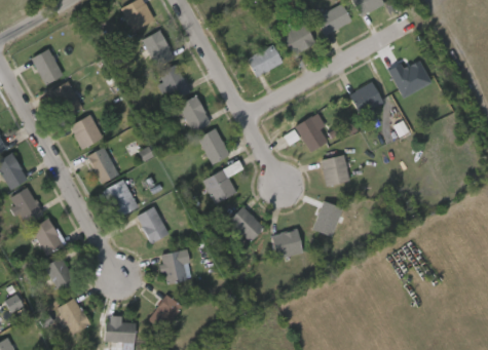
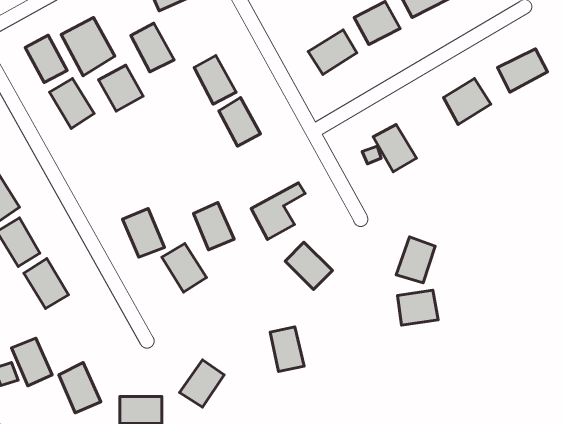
building: [142,30,175,67] -> [131,23,174,72]
building: none -> [61,17,115,76]
building: [69,114,103,149] -> [99,65,143,111]
building: [198,128,229,164] -> [194,203,234,250]
building: [85,147,118,185] -> none
building: [320,154,350,186] -> none
building: [271,230,302,257] -> [398,290,438,325]
building: [160,250,186,284] -> [270,327,304,372]
building: [45,257,76,293] -> [11,338,52,386]

